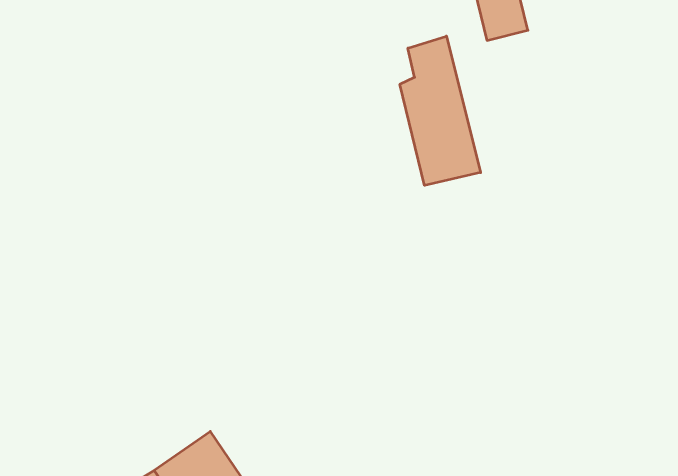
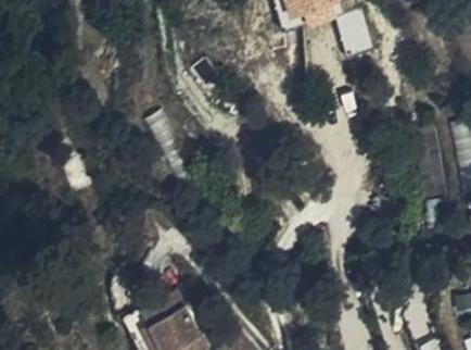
building: [400,36,481,185] -> none

